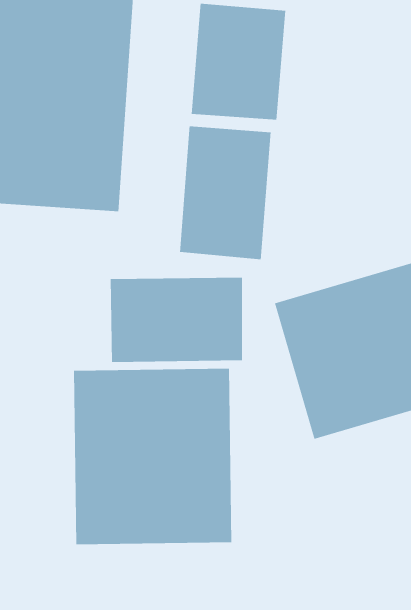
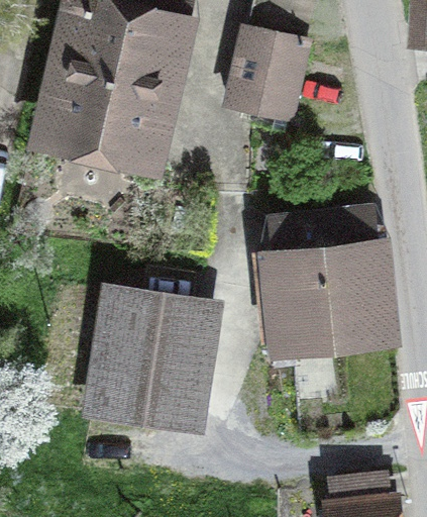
building: [180,126,271,260] -> none
building: [110,277,243,363] -> none

